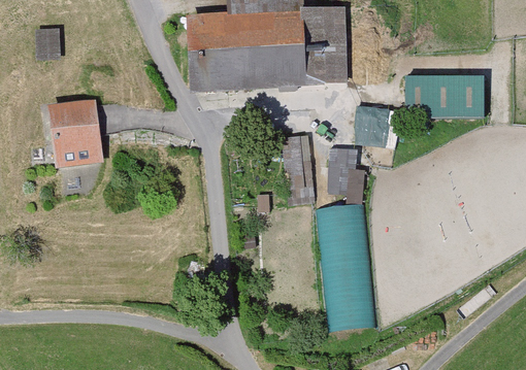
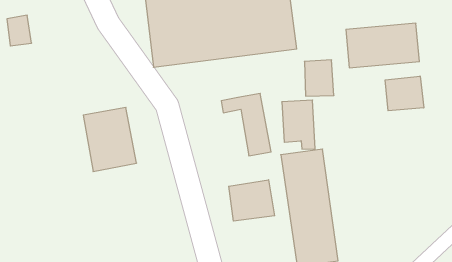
building: [48,102,102,169] -> [83,107,137,172]
building: none -> [385,76,424,111]
building: none -> [229,180,275,221]

